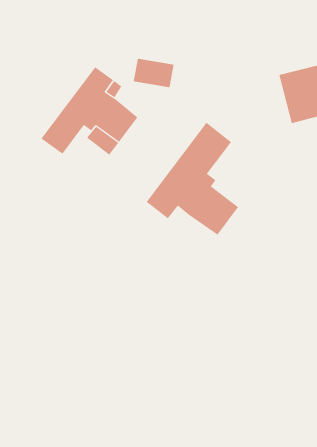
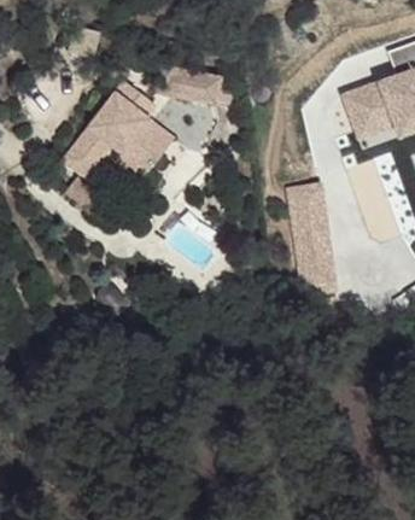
building: [146,122,239,235] -> none

